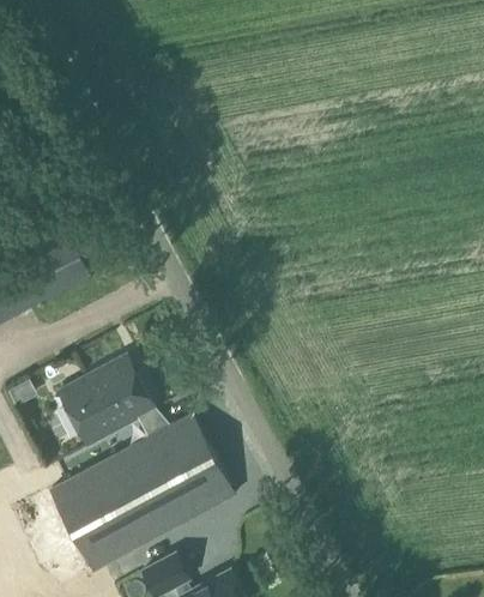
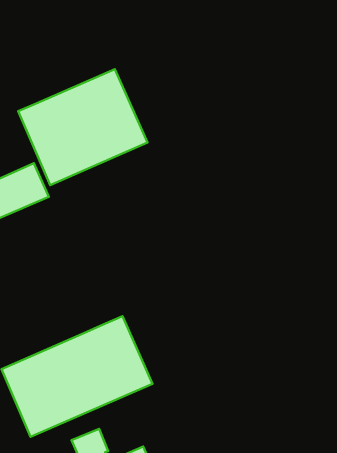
building: none -> [18,69,147,185]
building: [54,358,164,445] -> none

